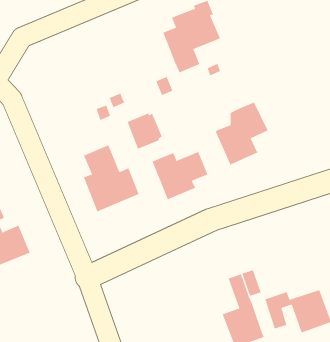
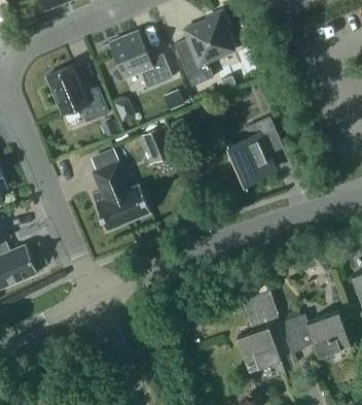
building: none -> [109,32,172,88]
building: none -> [46,65,108,123]
building: [152,151,208,200] -> none

